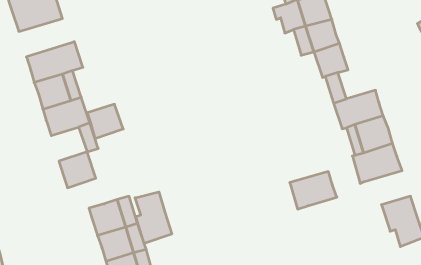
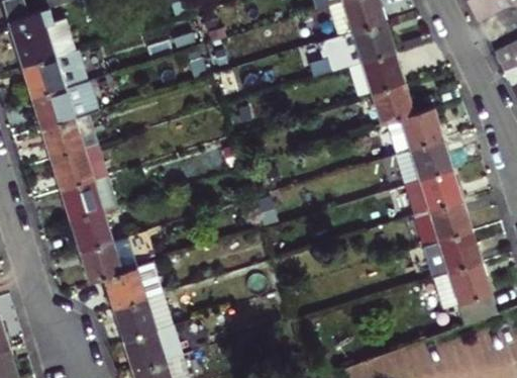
building: none -> [22,51,86,97]
building: none -> [399,105,443,147]
building: [87,104,123,138] -> [61,180,103,220]
building: [290,172,337,209] -> [429,231,485,276]
building: none -> [80,241,123,281]
building: [135,192,172,244] -> none

